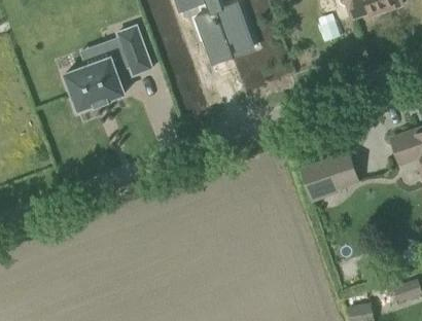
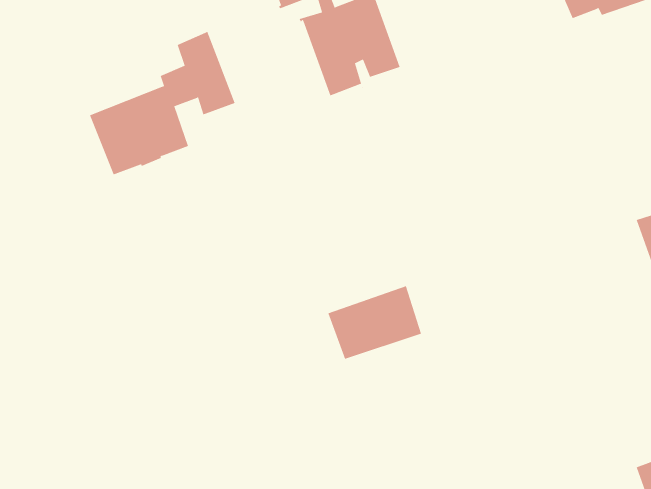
building: [302,152,358,197] -> [327,286,422,359]

